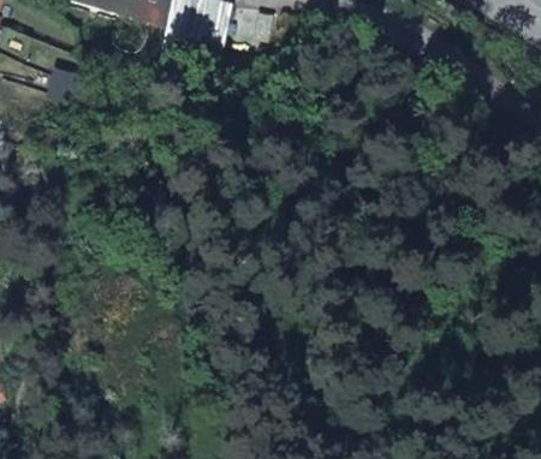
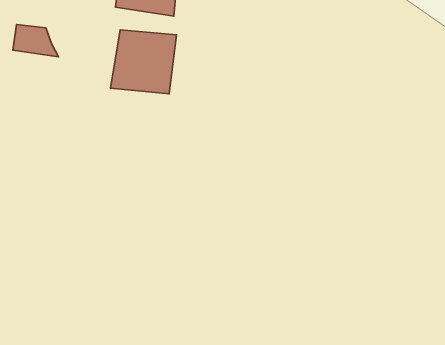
building: none -> [111,30,176,94]

